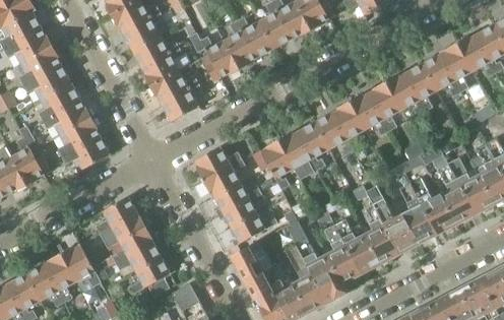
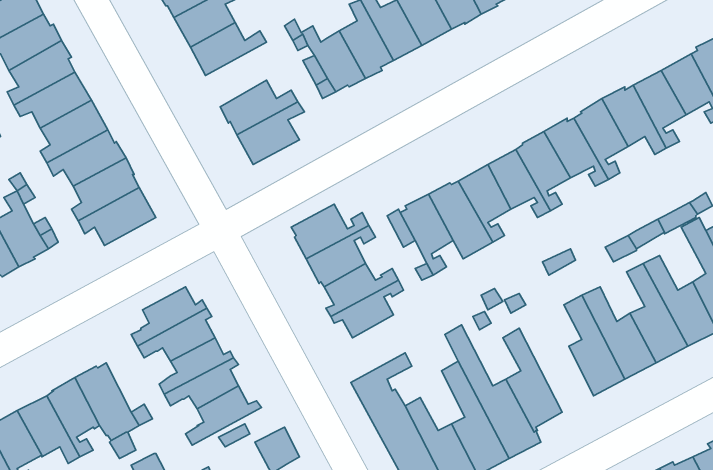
building: [141,46,183,85] -> none
building: [232,213,276,245] -> none
building: [334,216,380,273] -> none

